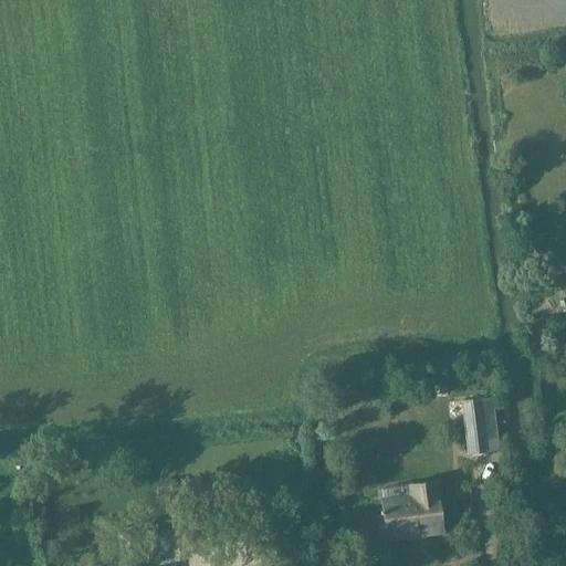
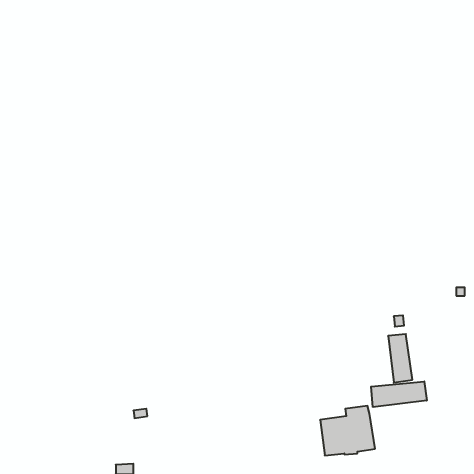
building: none -> [371,381,427,407]

